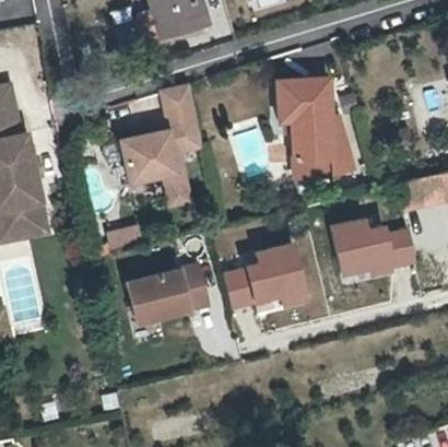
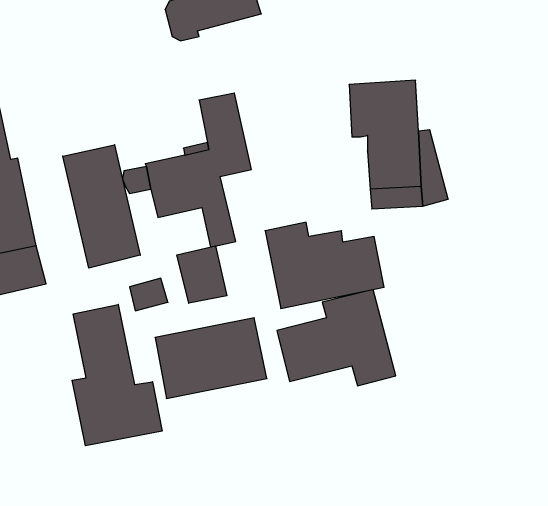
building: none -> [63,145,140,268]
building: none -> [177,246,227,303]
building: [329,214,421,281] -> [265,222,384,309]
building: none -> [72,304,162,446]

